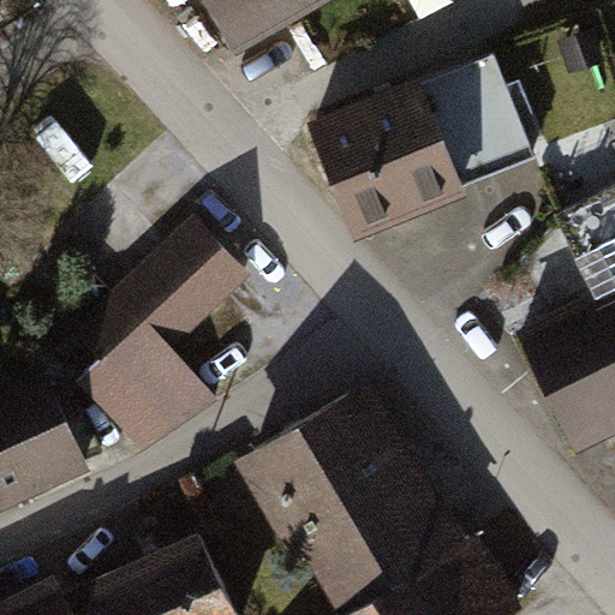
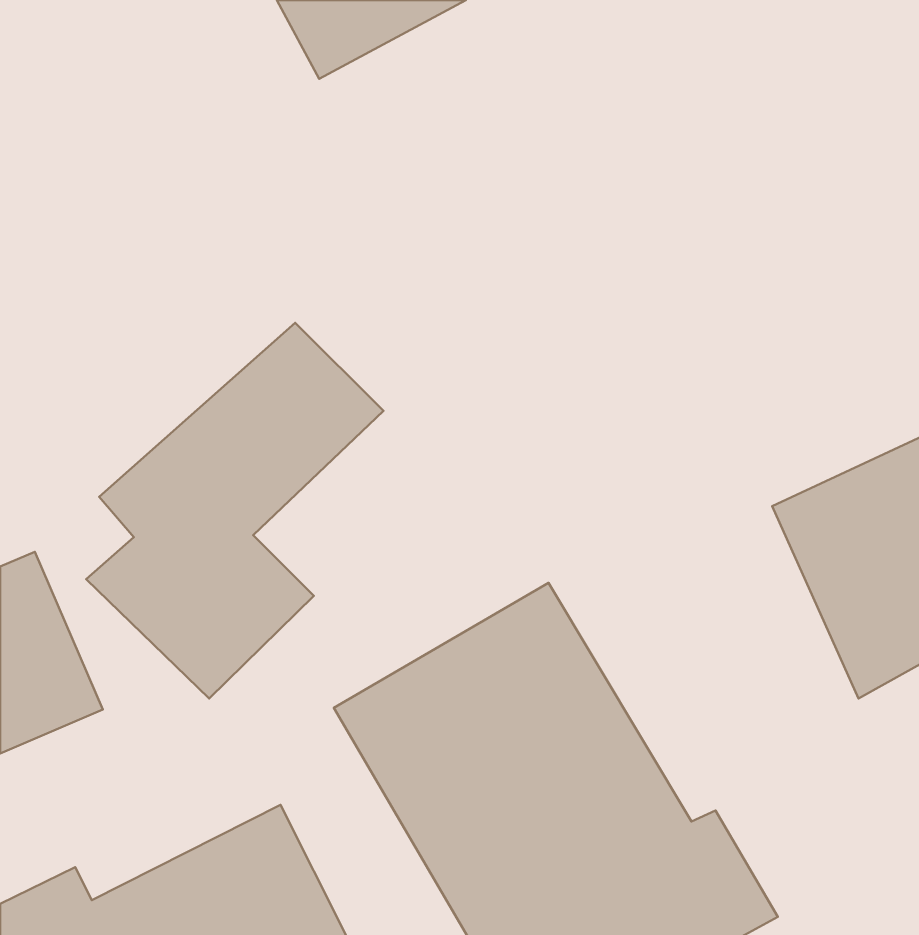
building: [308,42,545,233] -> none

